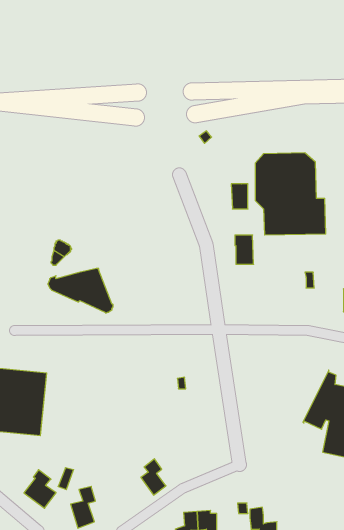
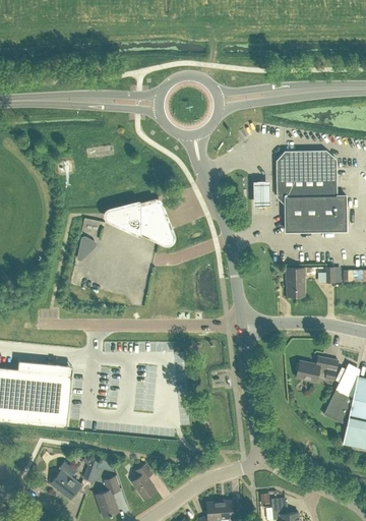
building: [235,235,254,264] -> [286,268,304,296]
building: [48,268,113,313] -> [109,200,173,244]
building: none -> [295,356,338,382]
building: [141,459,166,495] -> [132,464,157,500]

